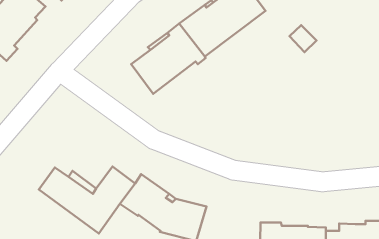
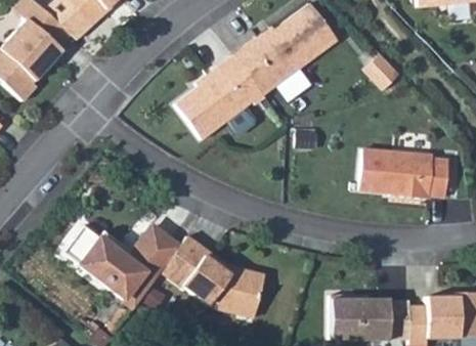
building: none -> [359,149,449,200]

